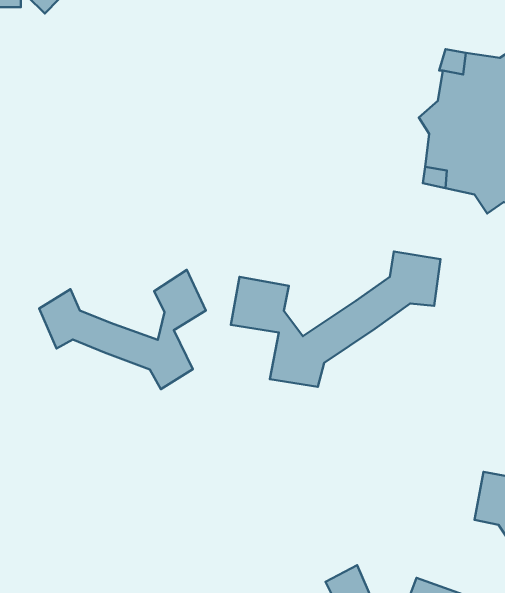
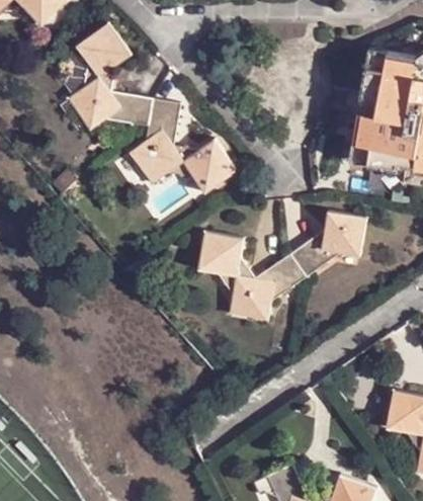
building: none -> [66,24,235,194]
building: [39,270,206,389] -> none

